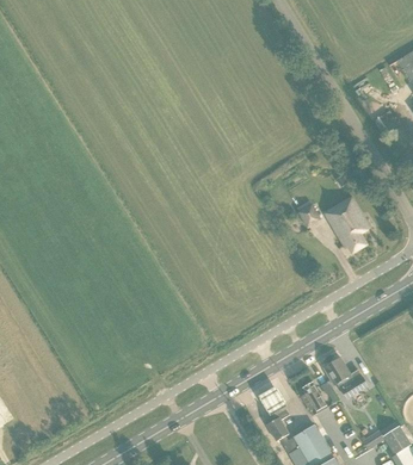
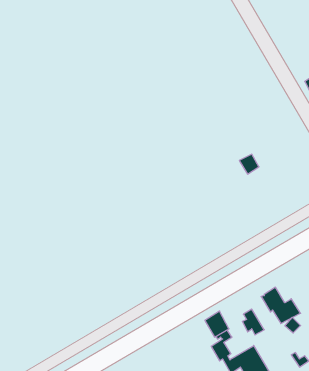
building: [325,198,370,254] -> none

